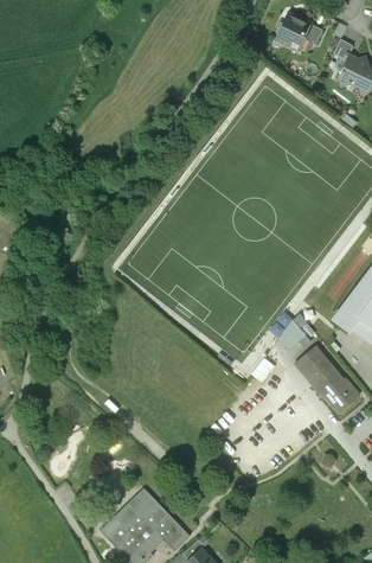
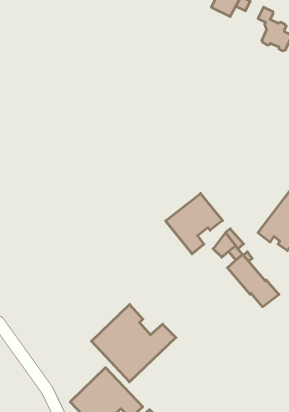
building: none -> [166,193,223,254]
building: none -> [91,304,176,382]

